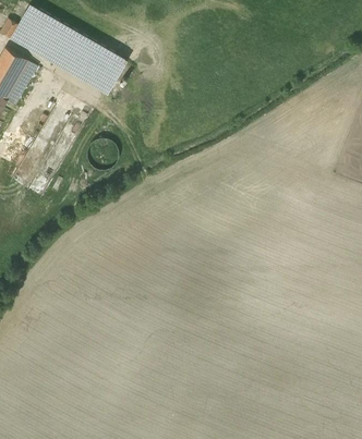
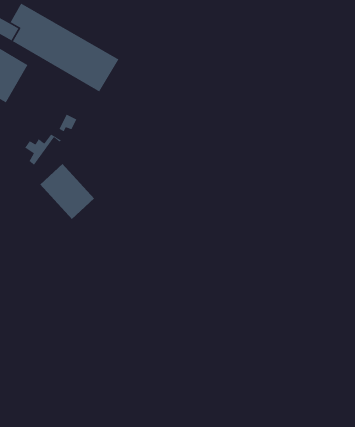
building: none -> [39,163,95,220]

